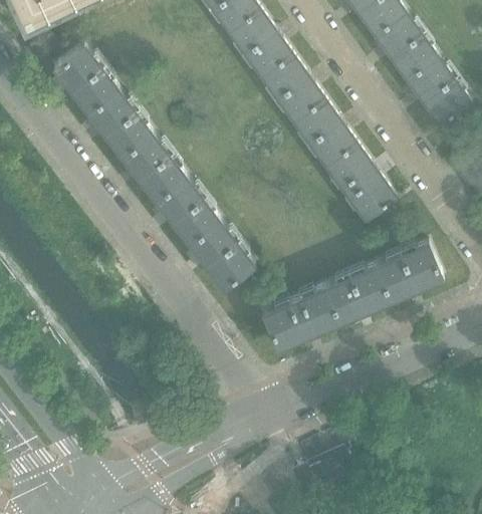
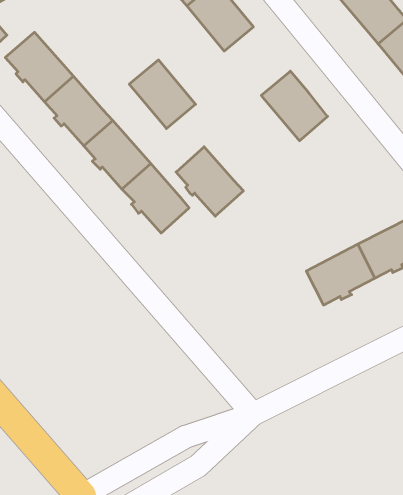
building: [261,54,322,119] -> [129,60,196,129]
building: [326,144,394,219] -> none
building: [190,221,252,287] -> [176,147,243,216]
building: [263,288,338,347] -> none

